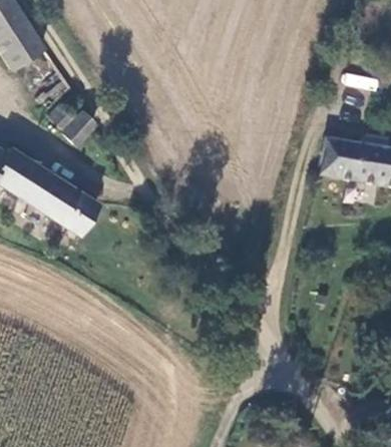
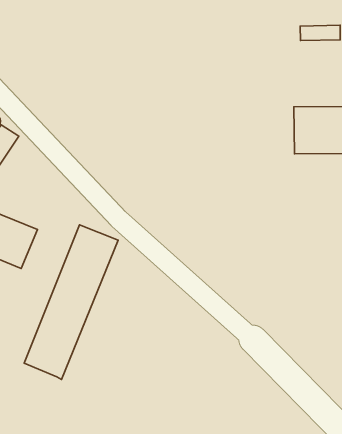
building: none -> [24,225,118,379]

